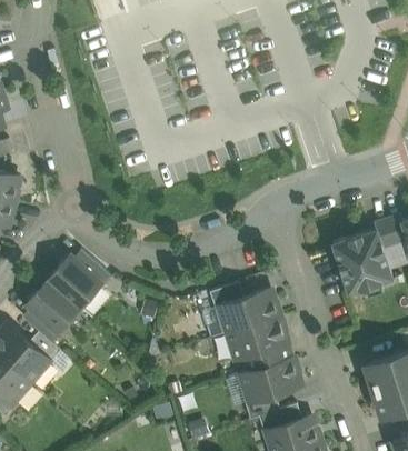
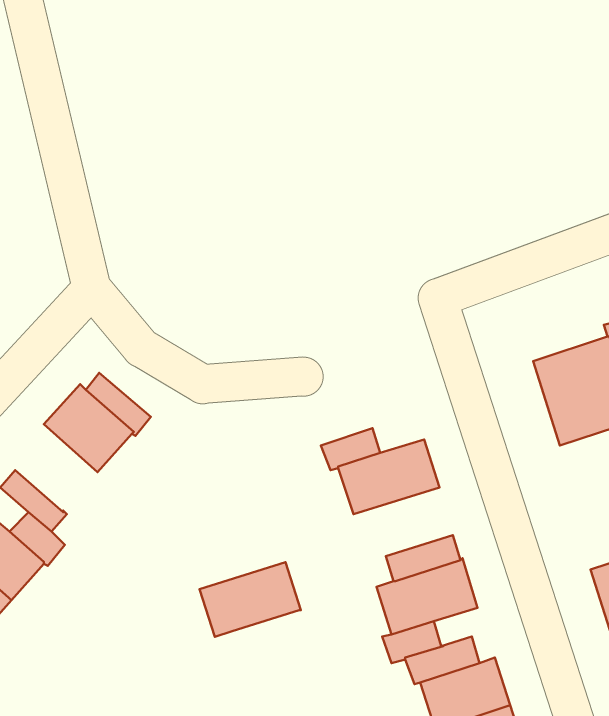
building: [28,281,79,332] -> none
building: [228,318,287,361] -> [200,562,301,637]

